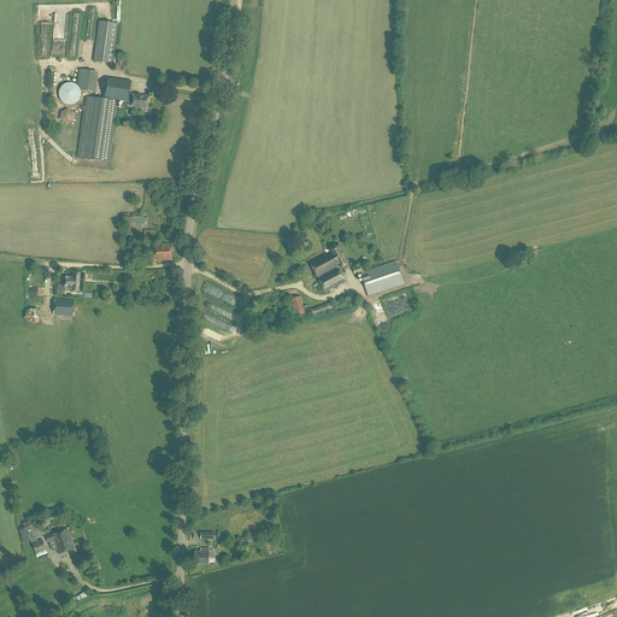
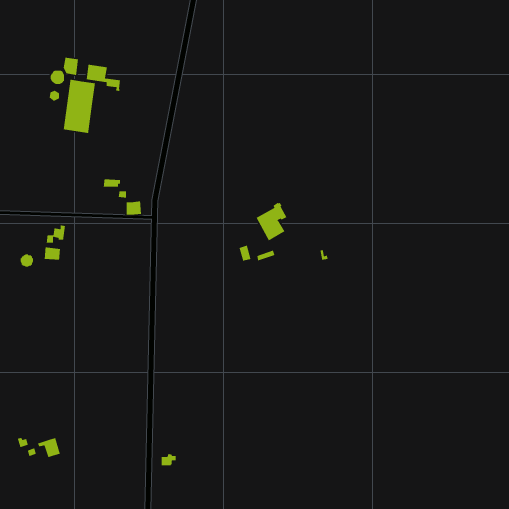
building: [93,20,116,63] -> none
building: [359,260,402,295] -> none

